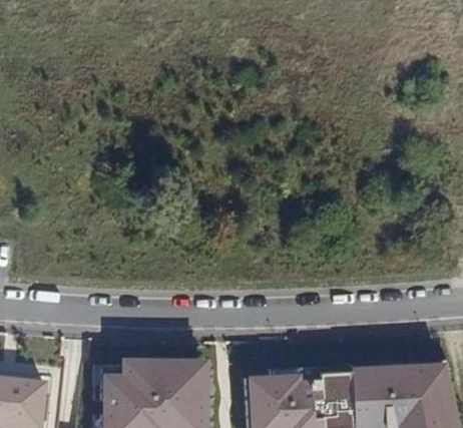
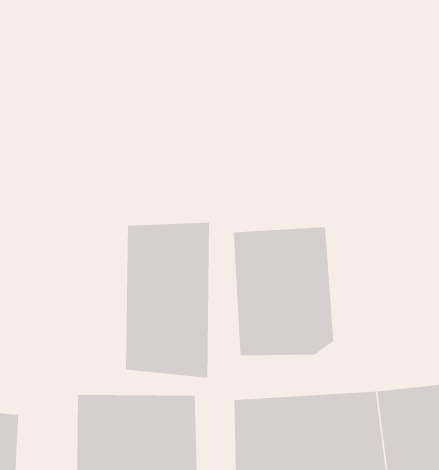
building: none -> [125,222,210,378]
building: none -> [233,227,334,356]

